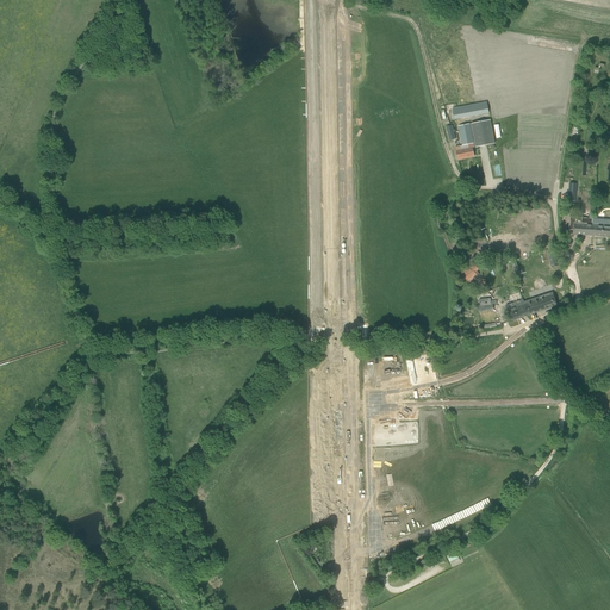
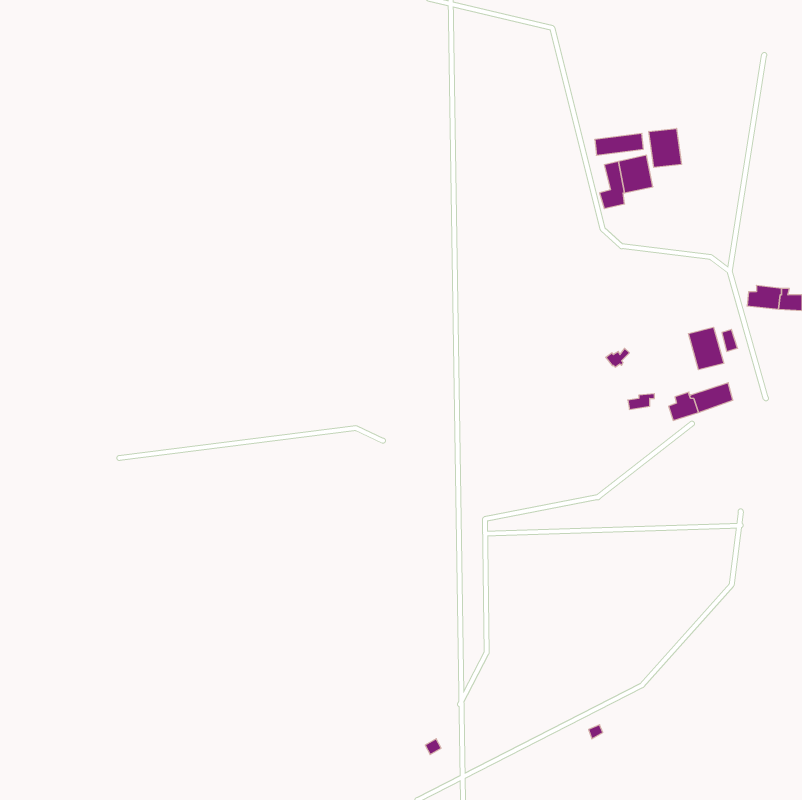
building: none -> [649,128,681,167]
building: none -> [688,327,724,370]

